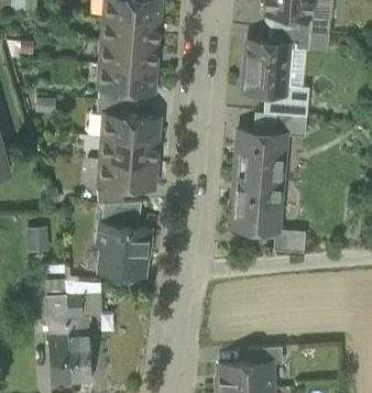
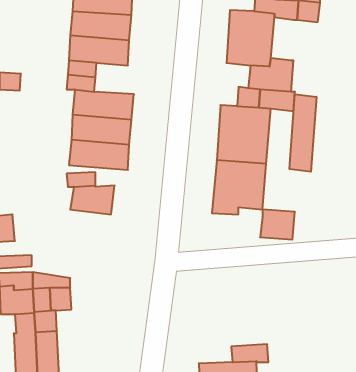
building: [284,48,305,88] -> none
building: none -> [289,94,316,172]
building: [98,225,149,274] -> none

